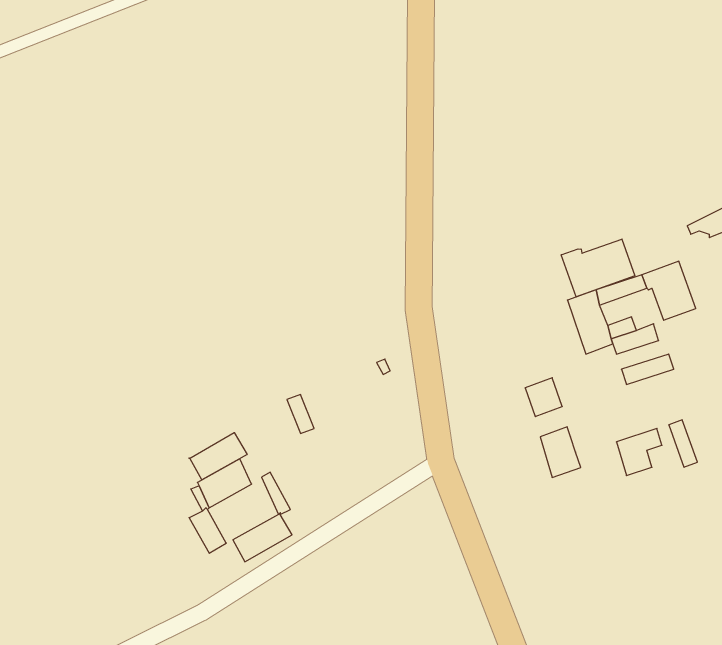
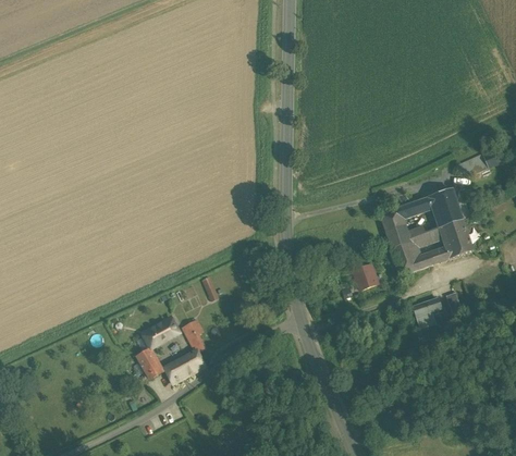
building: [561,239,635,297] -> none
building: none -> [443,219,474,258]
building: [540,427,581,477] -> [393,242,419,274]
building: [189,433,247,480] -> none

